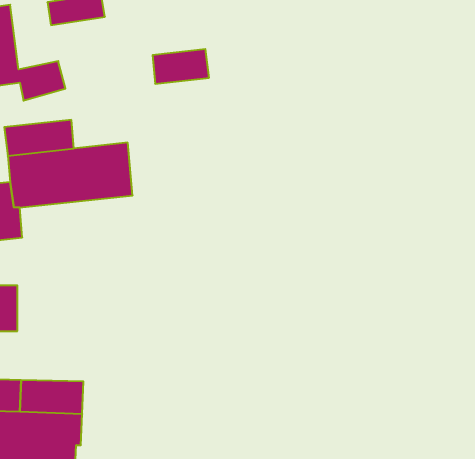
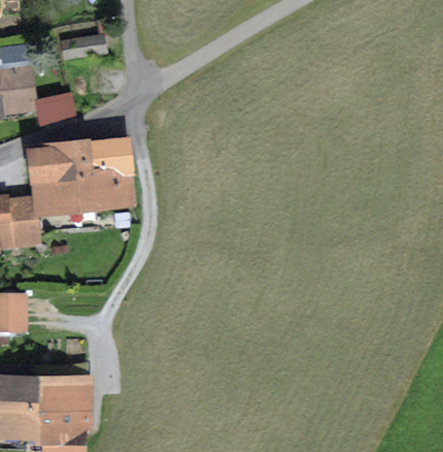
building: [153,49,209,84] -> [81,138,130,168]

